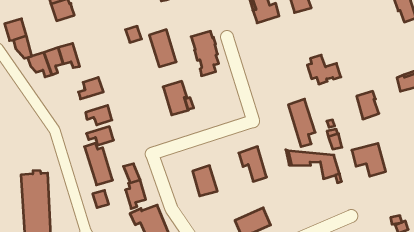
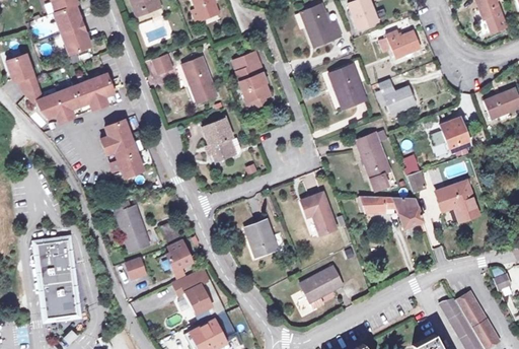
building: none -> [379,28,422,57]
building: none -> [91,74,115,108]
building: none -> [329,65,366,109]
building: [86,127,114,145] -> [104,137,138,160]

